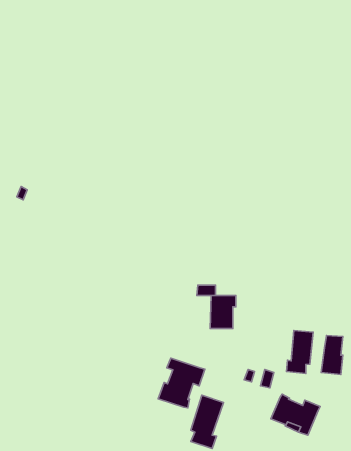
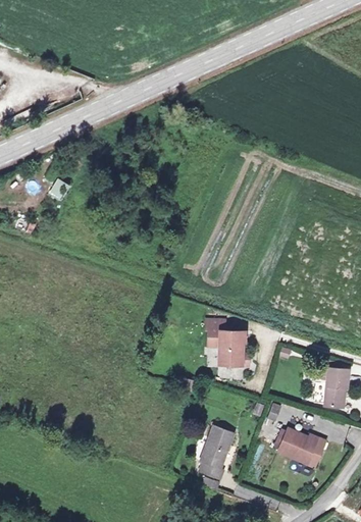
building: [286,330,313,373] -> none
building: [158,358,205,408] -> none

